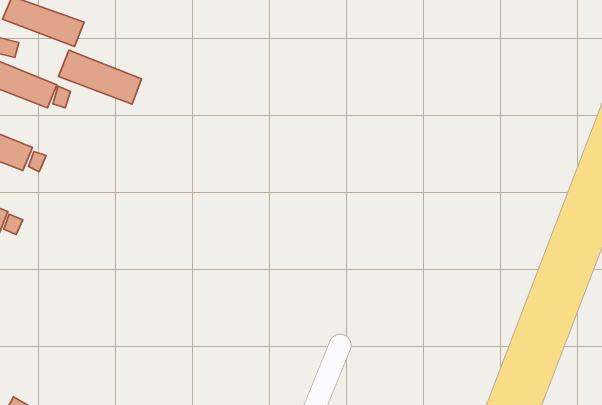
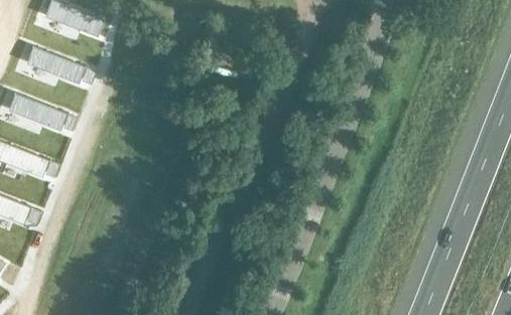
building: [59,50,142,104] -> none

